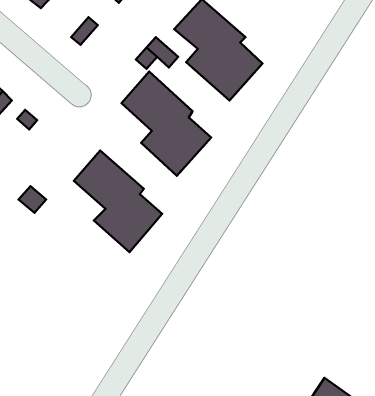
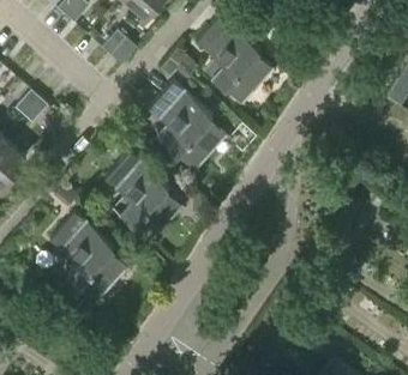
building: none -> [48,212,128,304]

